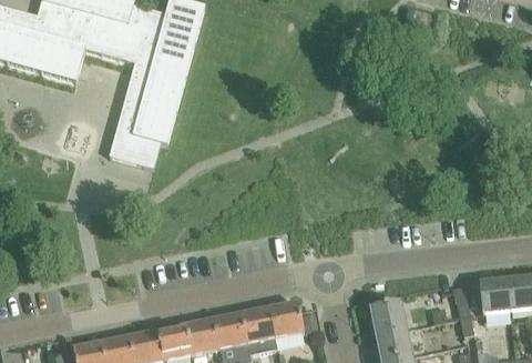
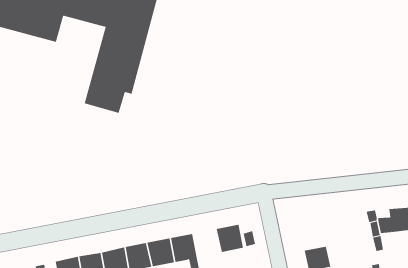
building: [371,303,405,335] -> none
building: [242,309,276,344] -> none

